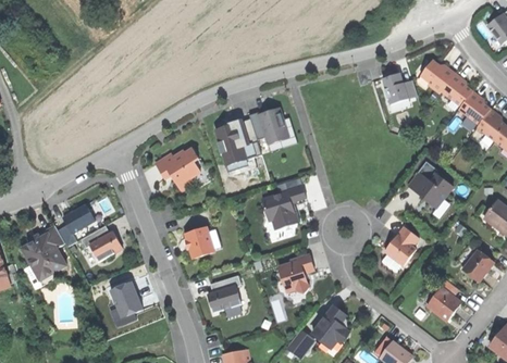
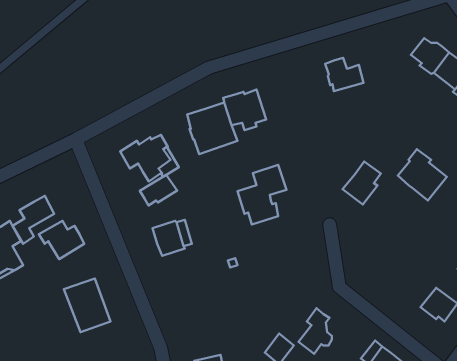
building: [381,73,416,103] -> [325,58,364,91]
building: none -> [140,175,177,205]
building: [383,226,418,265] -> [343,162,381,205]
building: [277,253,313,293] -> none
building: [207,274,240,312] -> none

